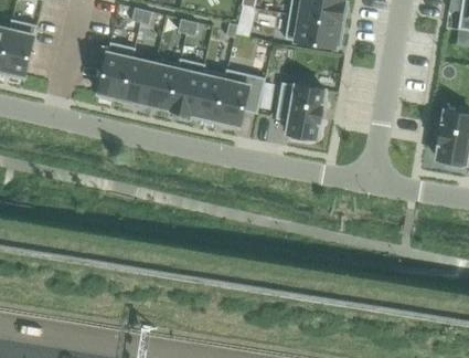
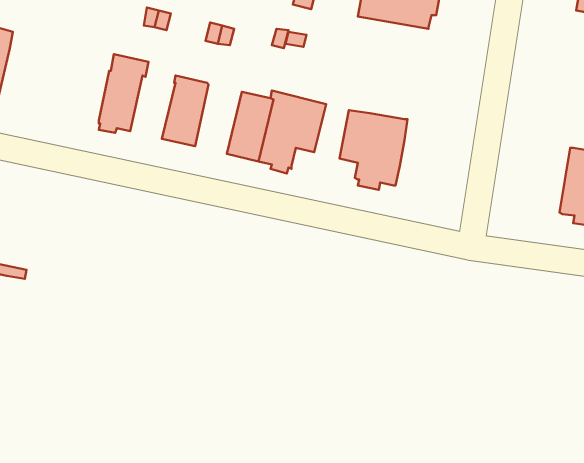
building: [285,14,342,48] -> none
building: [121,57,154,104] -> none
building: [169,59,204,115] -> none

